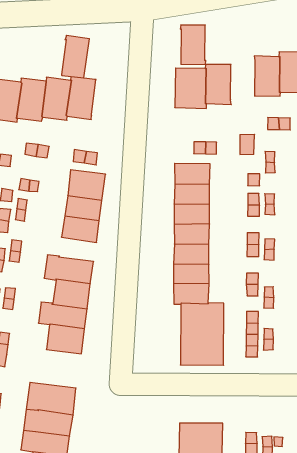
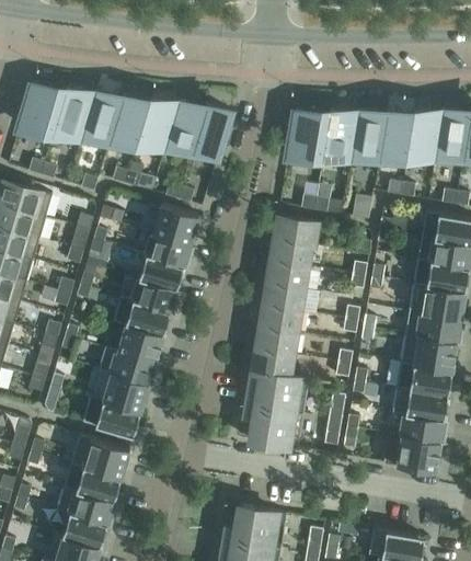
building: [180,25,206,64] -> [351,111,384,159]
building: [62,35,89,78] -> [193,104,230,154]
building: none -> [131,278,176,311]
building: none -> [82,398,140,437]

